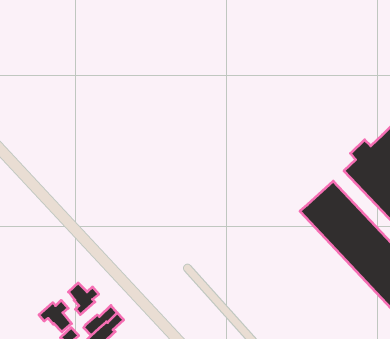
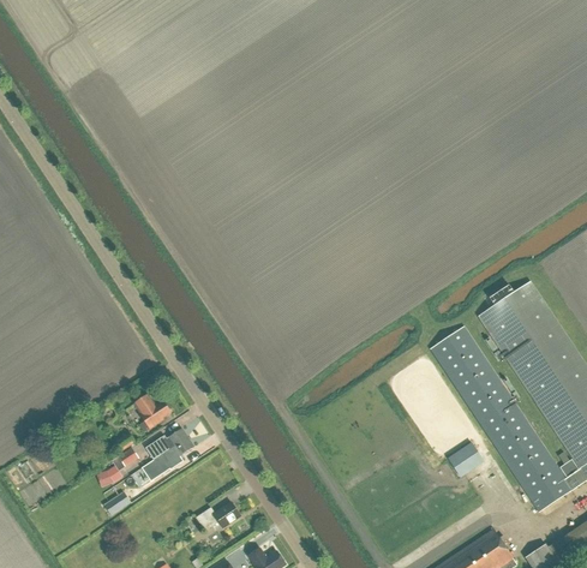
building: none -> [449,444,483,476]
building: [39,300,72,332] -> none

